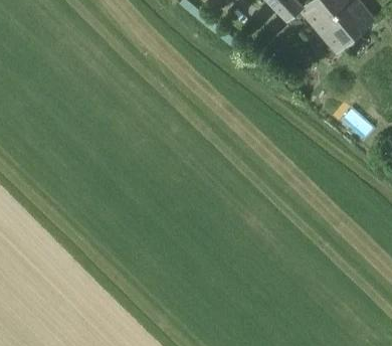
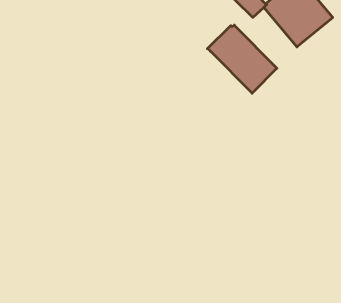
building: none -> [207,25,277,93]

